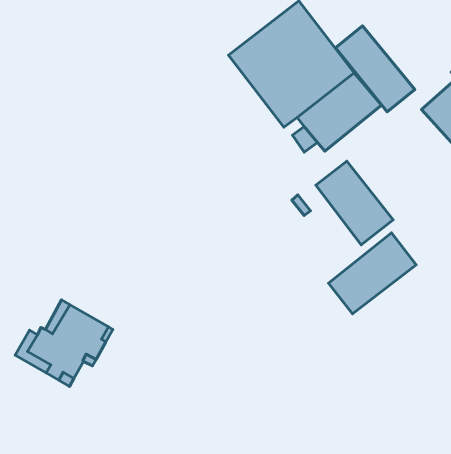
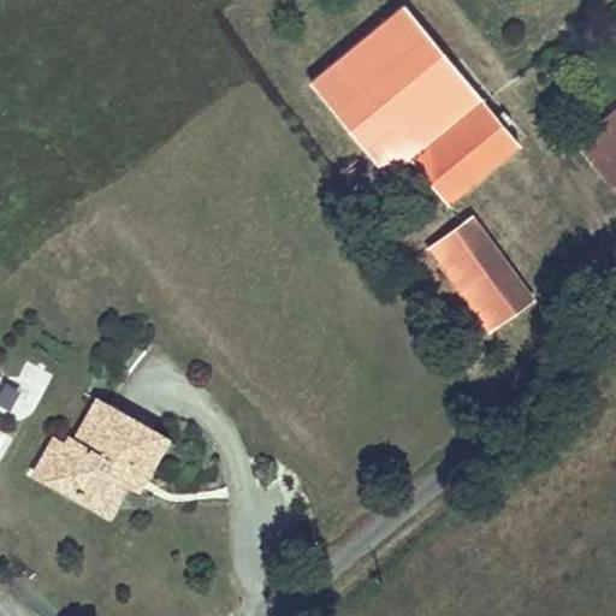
building: [336,26,415,112] -> none
building: [328,233,416,314] -> none

